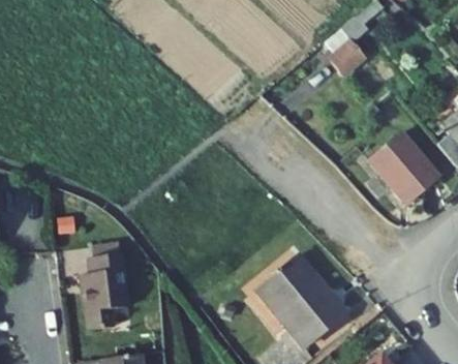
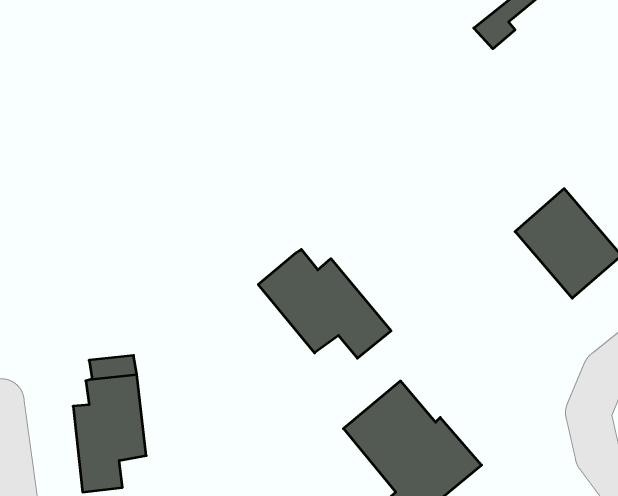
building: [326,28,366,73] -> none
building: none -> [258,249,391,358]

